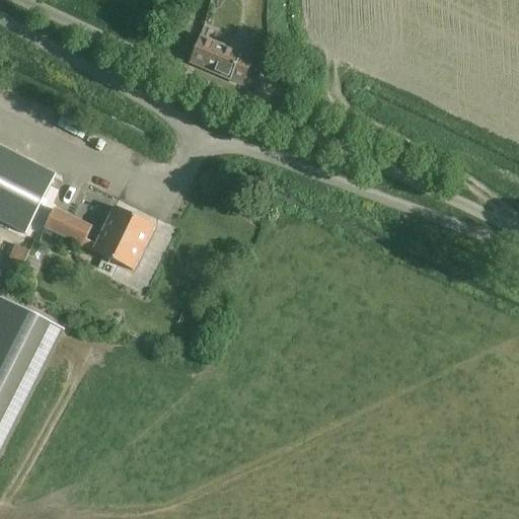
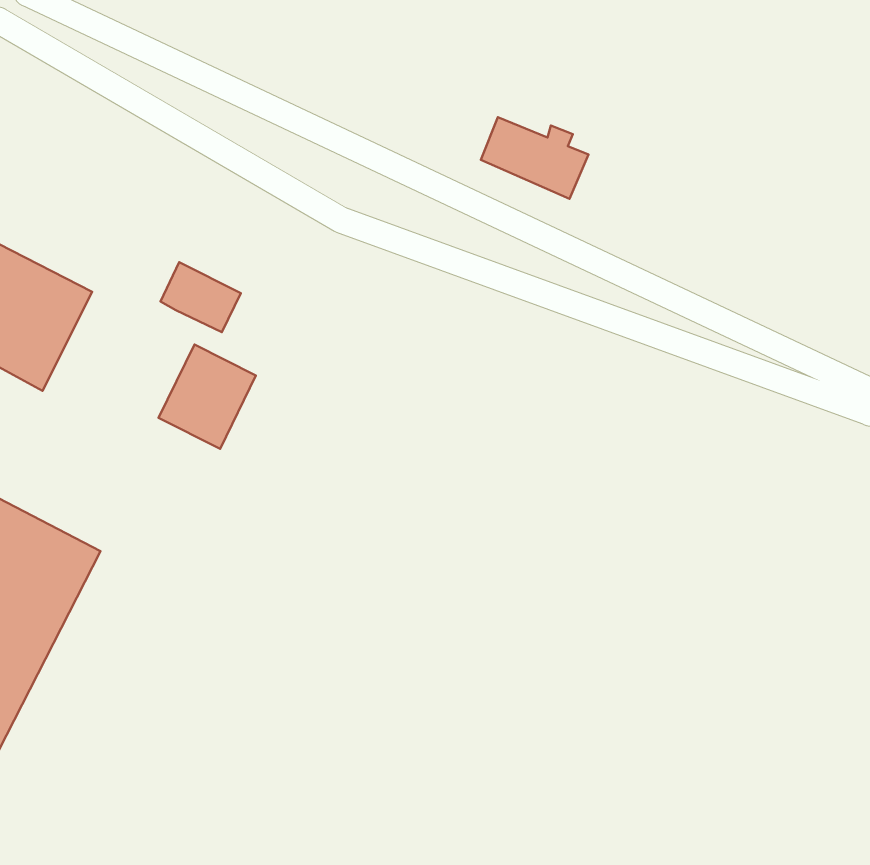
building: [189,34,252,83] -> [481,117,588,199]
building: [45,206,92,247] -> [161,262,241,332]

